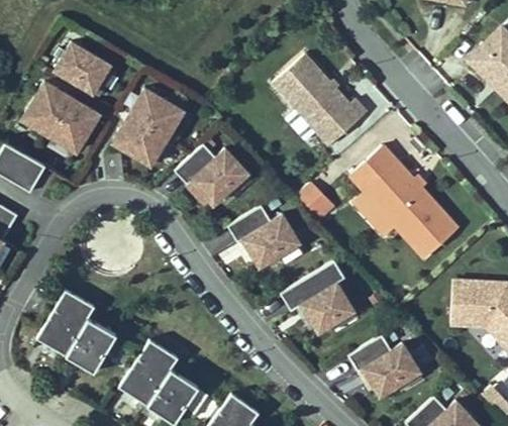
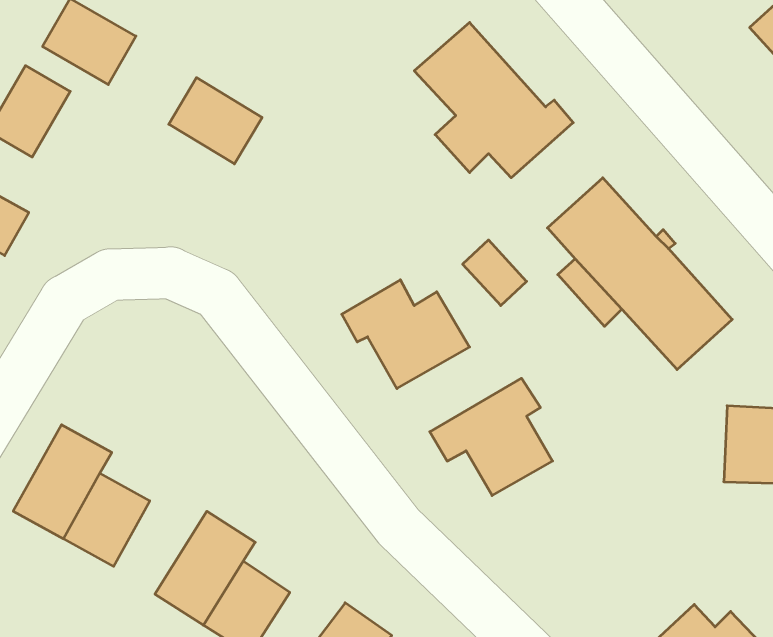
building: [48,96,99,150] -> none
building: [112,115,167,166] -> none
building: [176,146,251,208] -> none
building: [348,334,423,399] -> none

